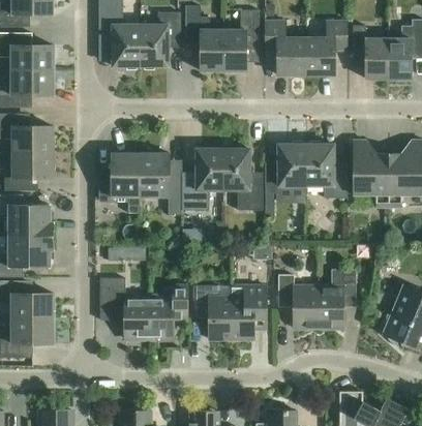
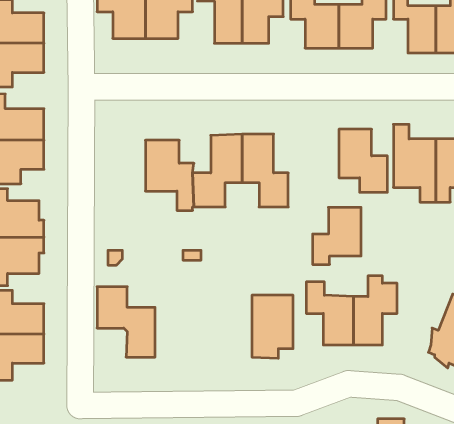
building: [265,144,306,192] -> [313,207,361,264]
building: [99,153,141,213] -> none
building: [197,285,232,338] -> none
building: [149,286,187,338] -> none

